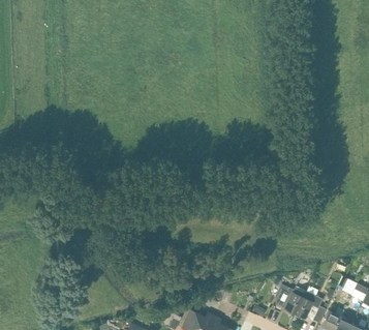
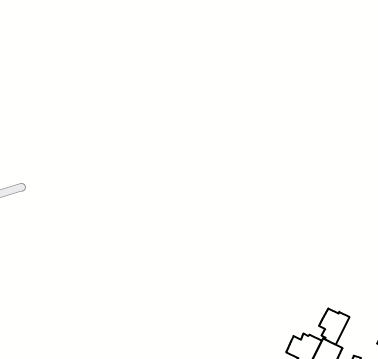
building: none -> [319,308,349,345]

